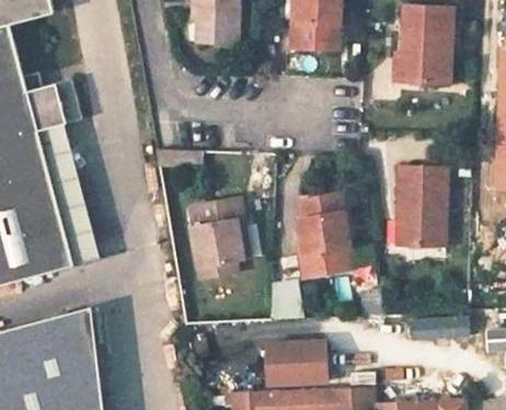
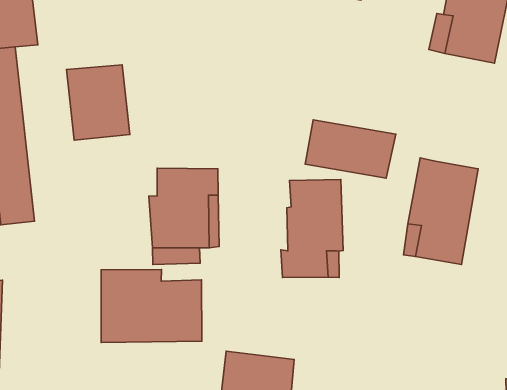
building: none -> [66,65,130,140]
building: none -> [305,120,396,178]
building: none -> [101,270,202,342]

